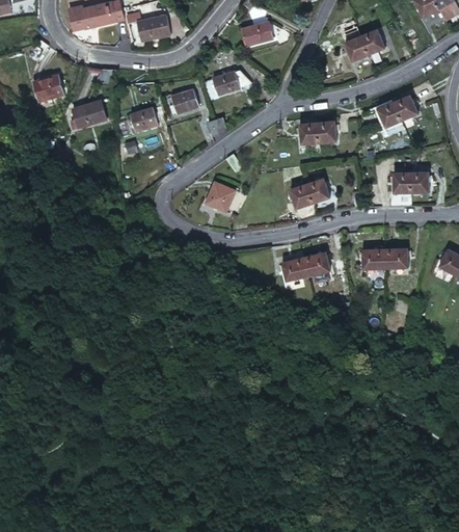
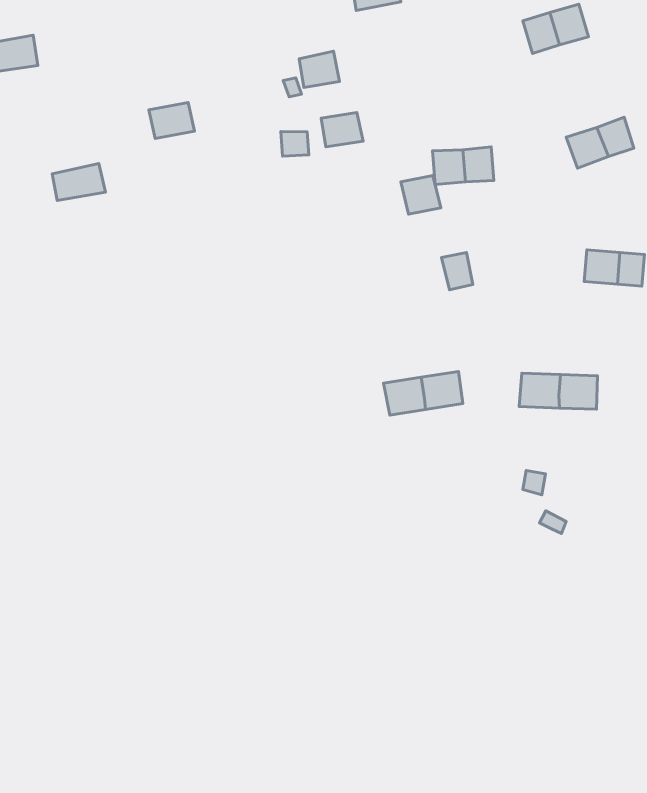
building: [173,90,199,112] -> [321,112,363,147]
building: [73,100,105,124] -> [52,163,105,201]
building: [206,183,234,212] -> none
building: [290,186,315,210] -> [401,176,441,214]

